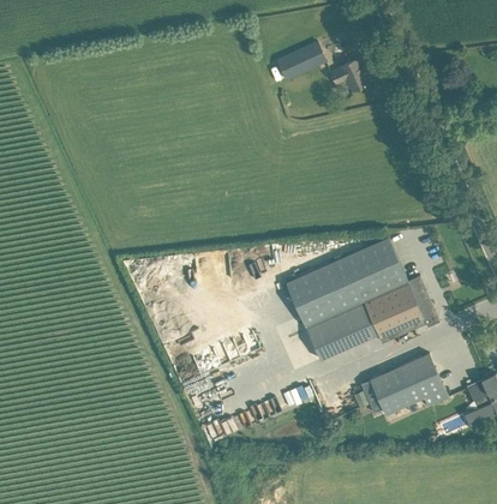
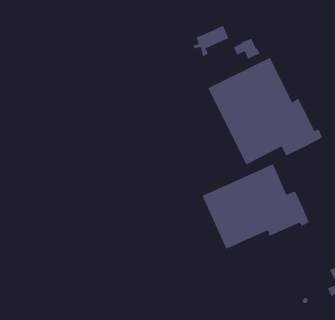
building: none -> [207,57,323,165]
building: [352,354,448,415] -> none

